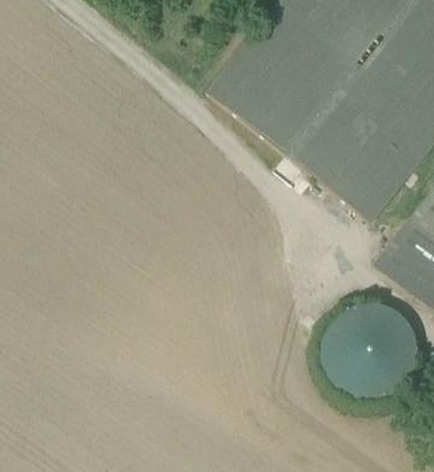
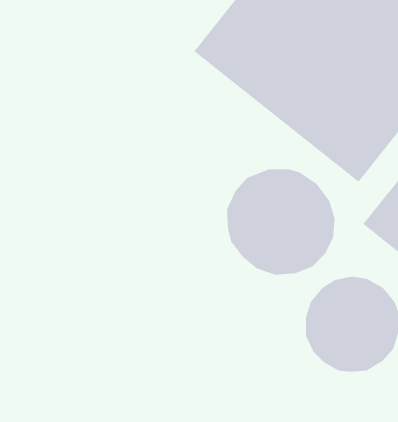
building: none -> [226,168,335,276]

